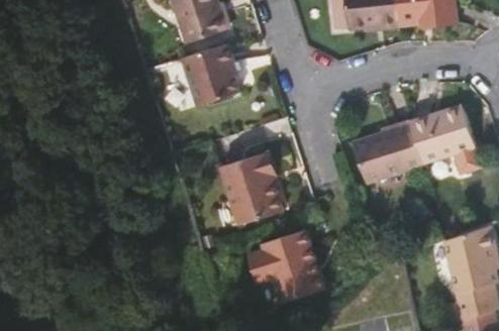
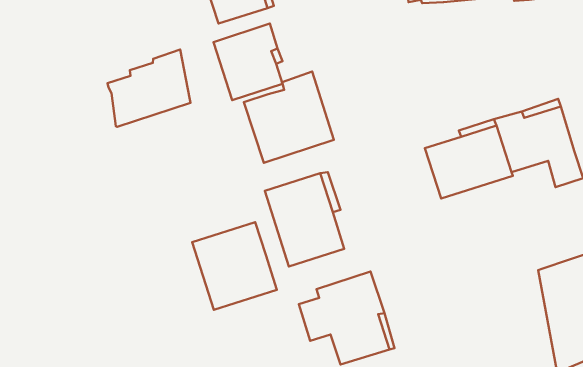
building: none -> [107,49,191,127]
building: none -> [244,71,334,163]
building: none -> [192,222,277,310]

